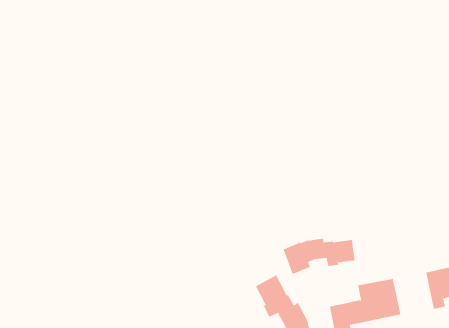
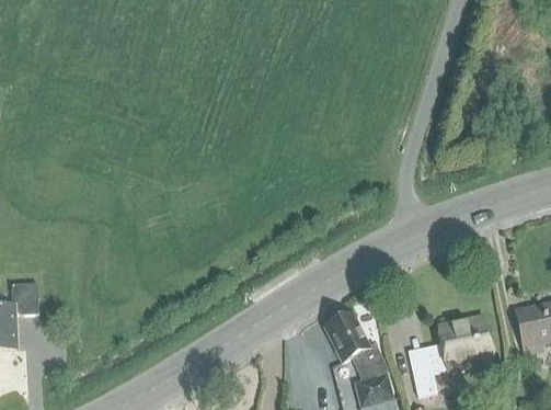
building: [283,238,355,275] -> none

